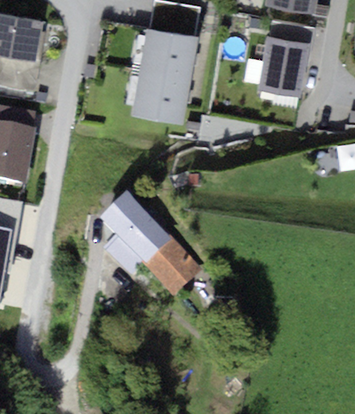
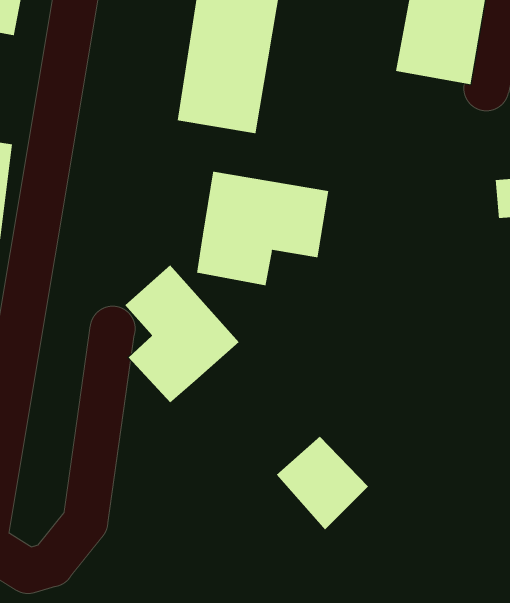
building: none -> [197,171,329,286]
building: [144,241,199,297] -> [276,436,369,531]

